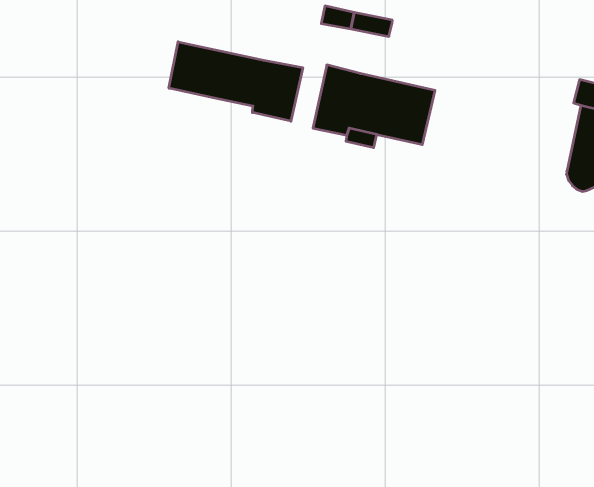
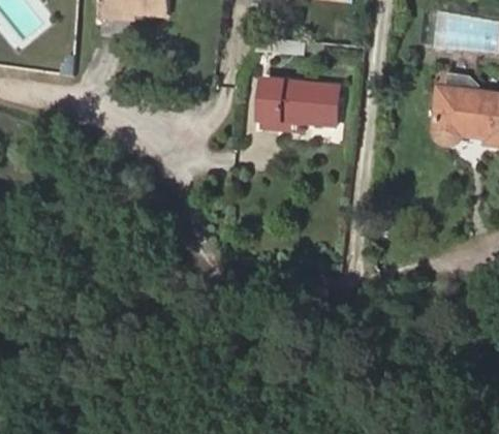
building: [169,42,303,121] -> none

